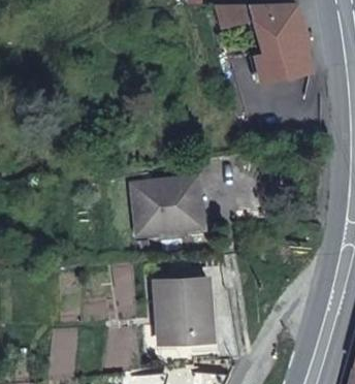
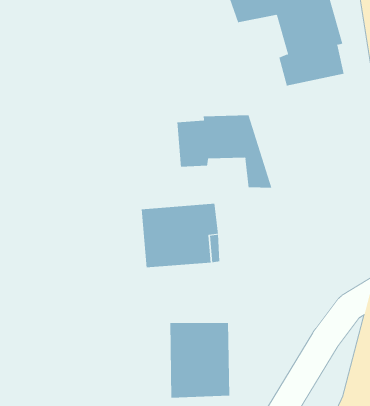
building: none -> [177,115,272,189]

